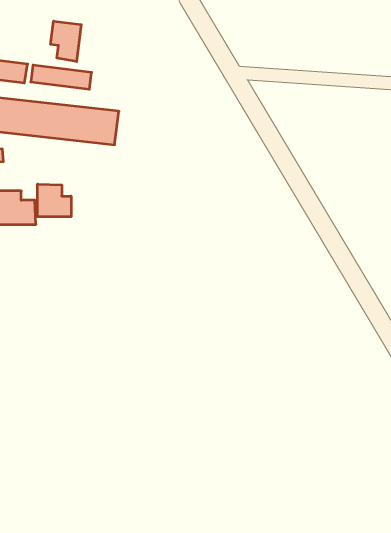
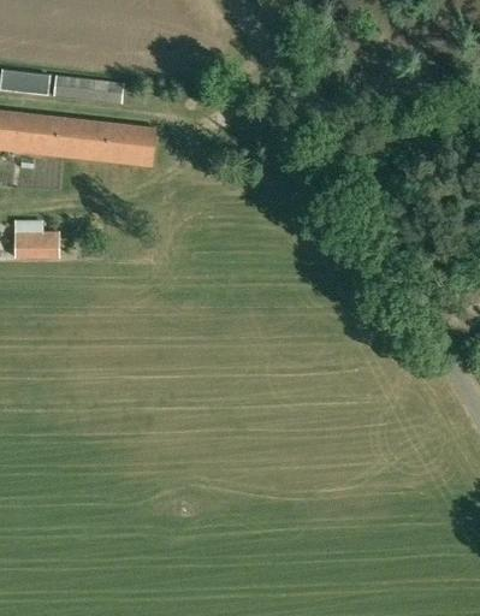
building: [51,21,81,62] -> none
building: [38,184,71,217] -> none

